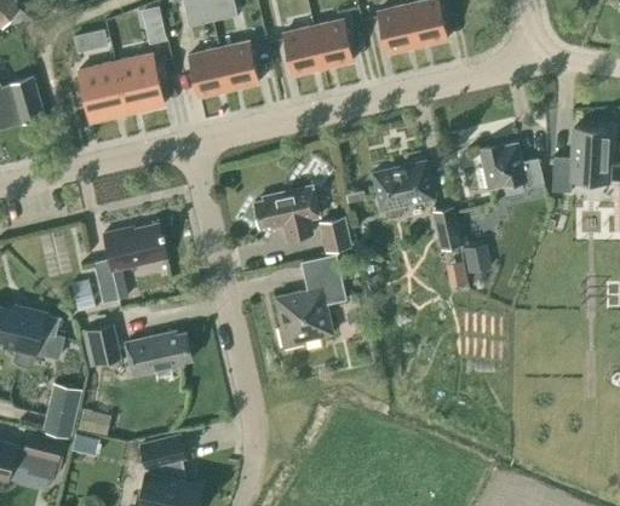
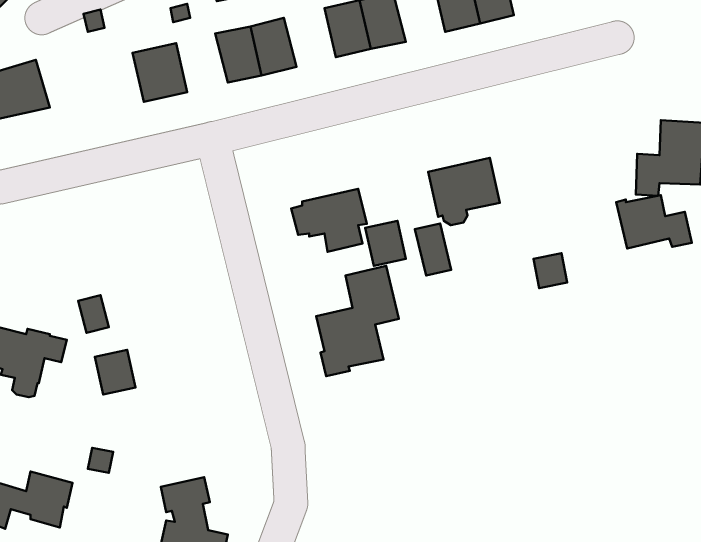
building: [80,70,126,121] -> none
building: [478,144,544,190] -> [616,195,692,248]
building: [431,206,463,251] -> [415,224,451,275]
building: [93,224,166,305] -> none
building: [126,333,191,376] -> none
building: [41,384,82,439] -> none

